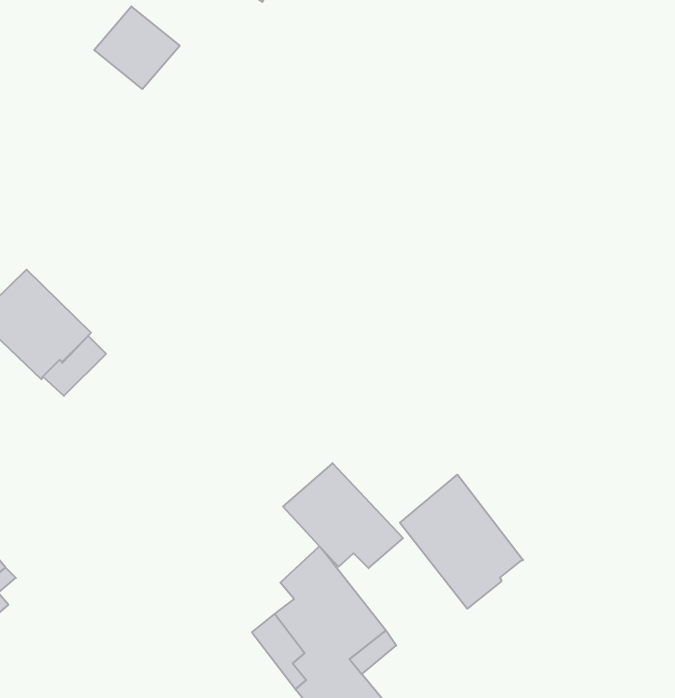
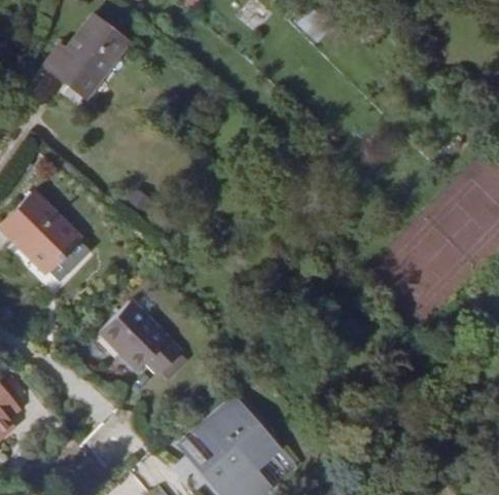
building: none -> [56,45,108,97]
building: [283,463,403,568] -> [101,305,183,377]
building: [400,475,523,609] -> none

